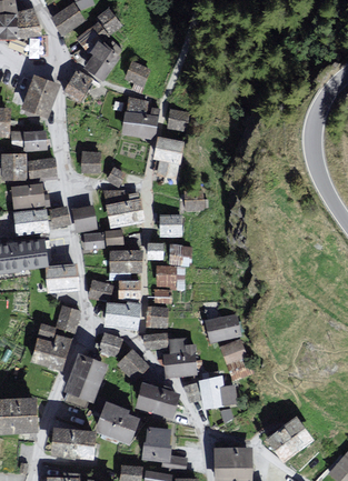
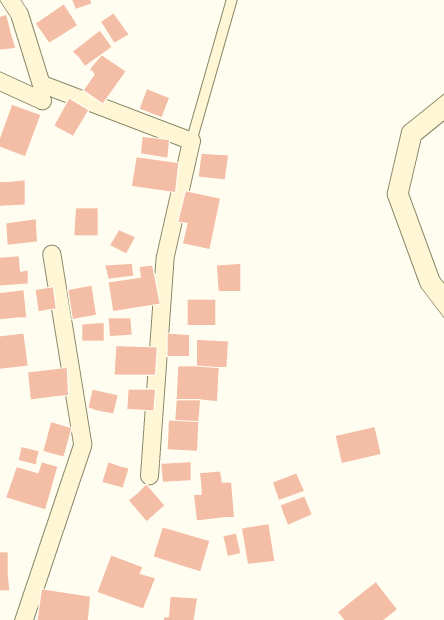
building: [107,303,138,325] -> none
building: [207,314,240,341] -> [335,426,381,464]
building: [68,351,105,394] -> none

